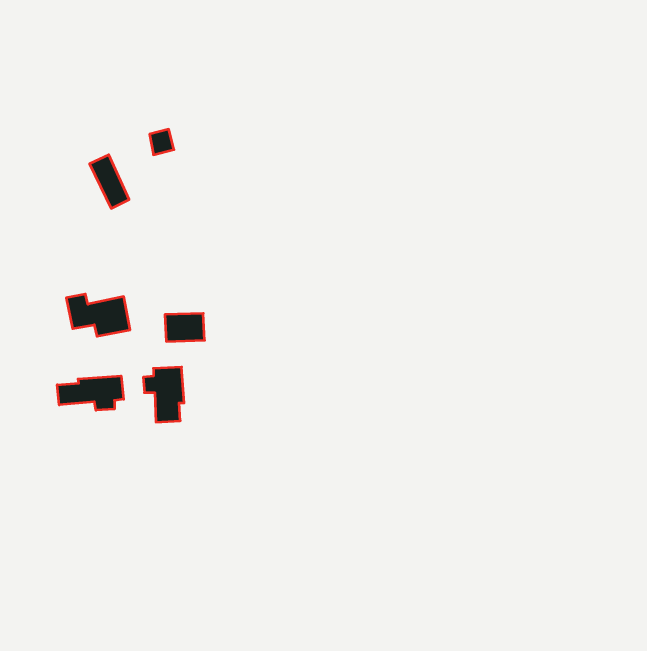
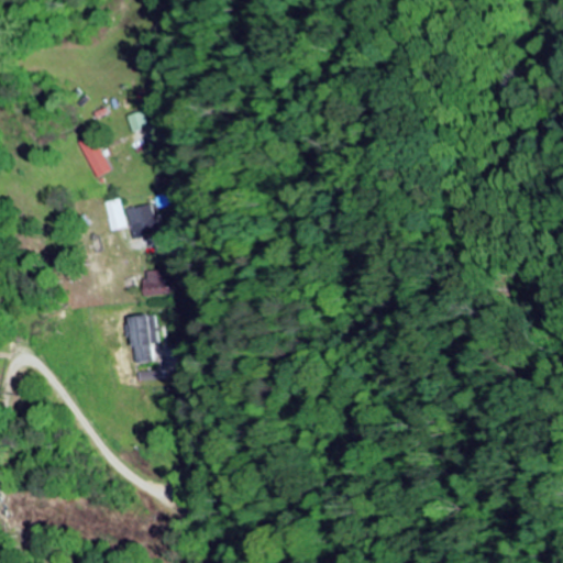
building: [66,294,130,336] -> [104,201,159,238]
building: [57,376,124,410] -> none

